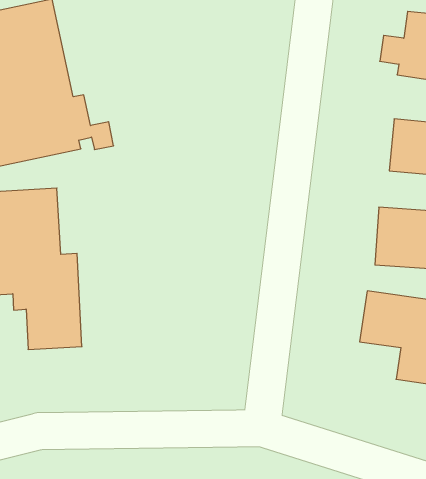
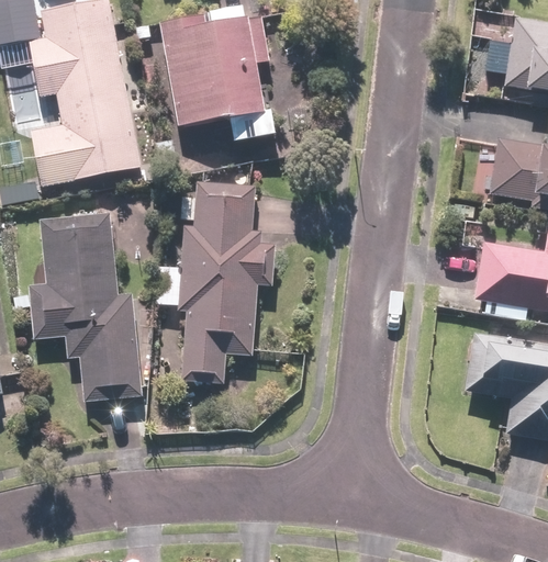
building: none -> [160,10,278,145]
building: none -> [155,178,276,380]

